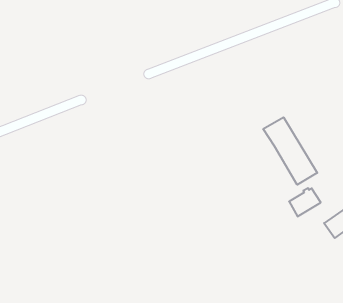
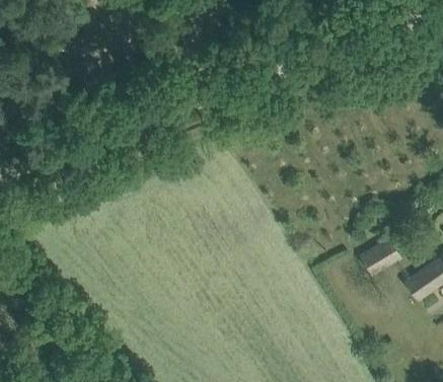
building: [263,117,317,185] -> none

